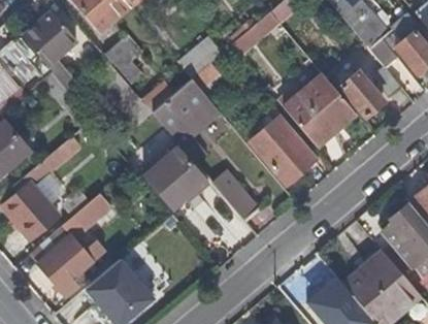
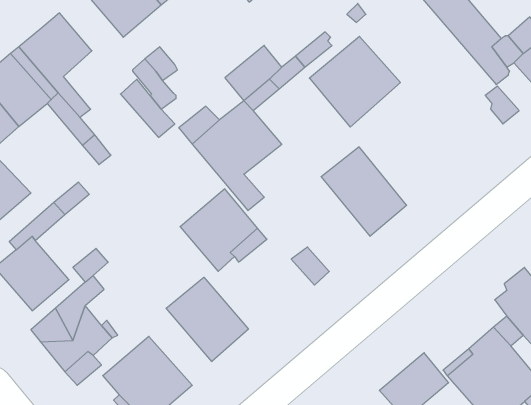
building: [340,71,384,116] -> none
building: [286,75,355,144] -> [309,36,400,127]
building: none -> [166,277,248,362]

